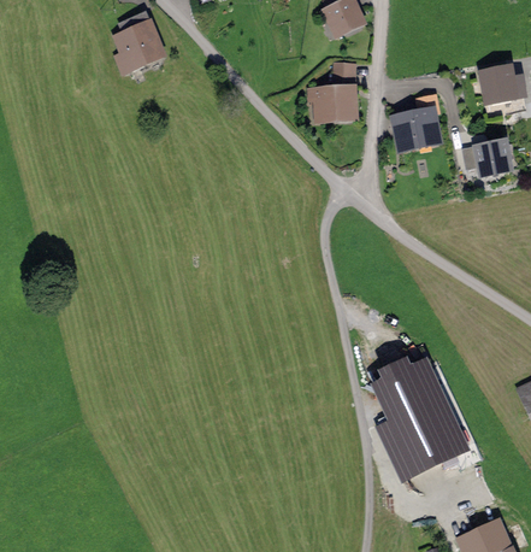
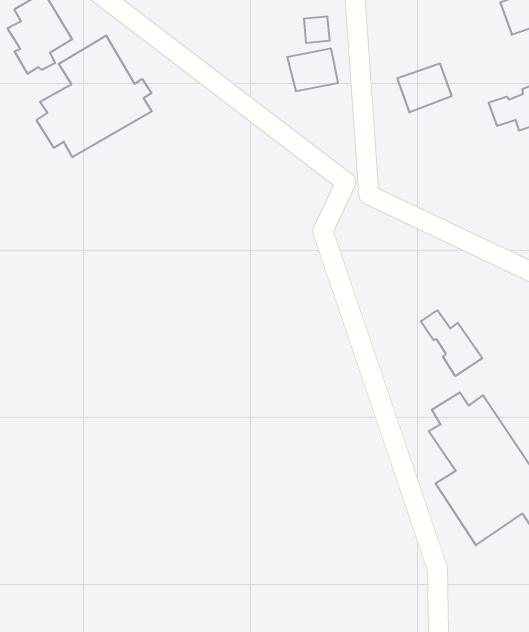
building: none -> [37,35,152,157]
building: none -> [421,310,482,376]

